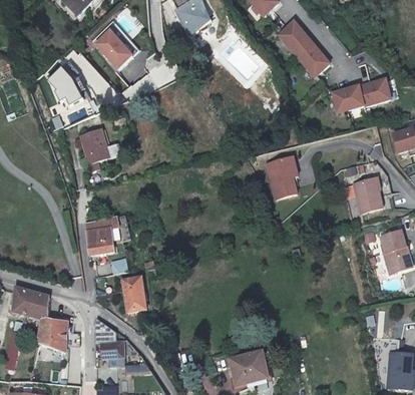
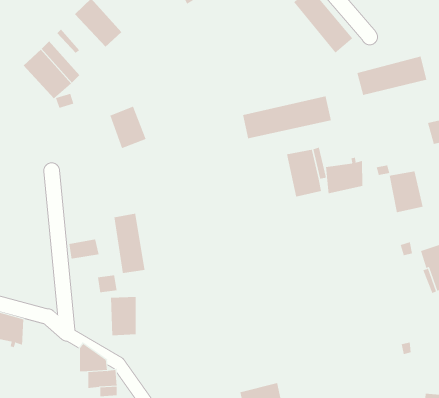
building: none -> [243,95,332,139]
building: [77,129,108,165] -> [109,106,147,149]
building: none -> [326,157,363,194]
building: none -> [114,213,145,274]
building: [39,317,69,349] -> none

